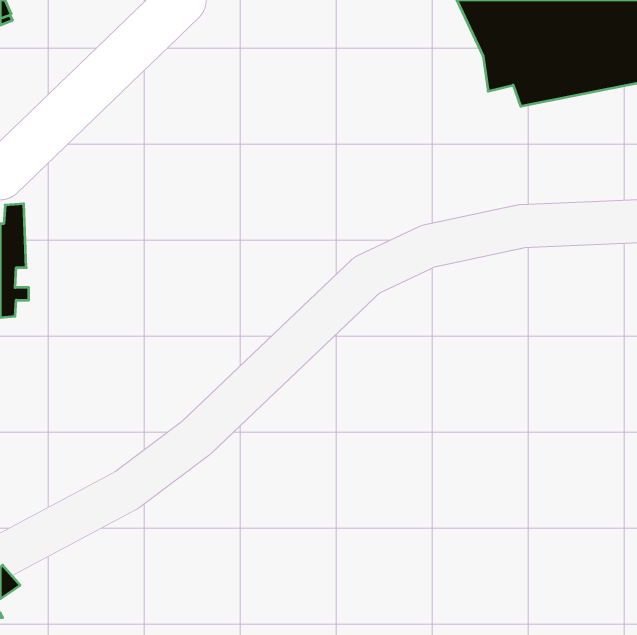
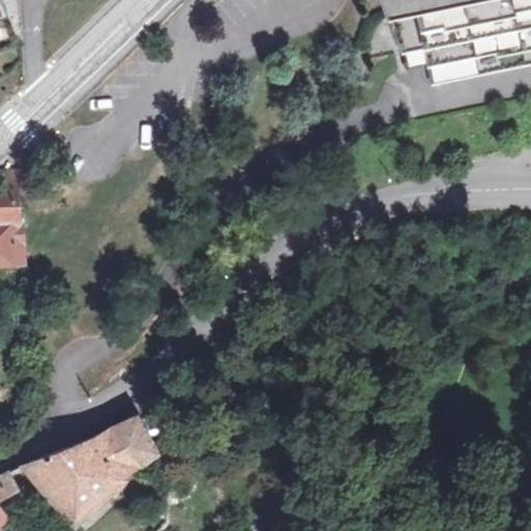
building: none -> [29,417,157,526]

